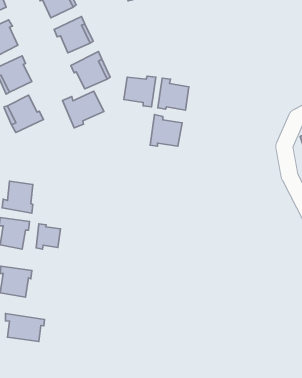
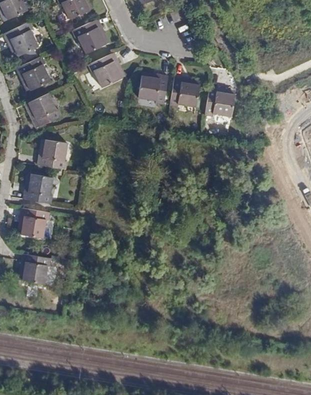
building: [62,91,104,128] -> none
building: [150,114,182,146] -> [205,86,235,116]
building: none -> [37,139,67,169]
building: [36,224,60,249] -> none
building: [5,314,44,342] -> none

